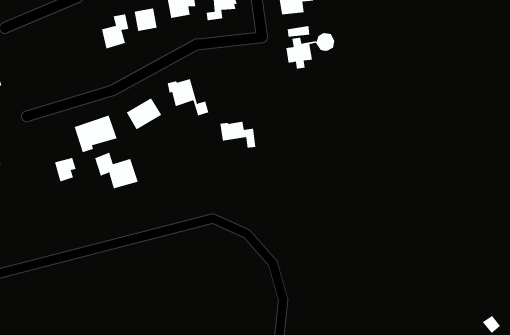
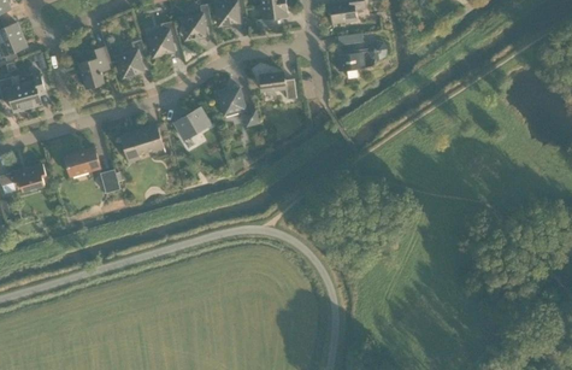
building: none -> [117,40,146,78]
building: none -> [78,47,111,89]
building: [220,121,256,148] -> [259,72,296,100]
building: none -> [65,147,101,177]
building: [94,152,138,189] -> none

